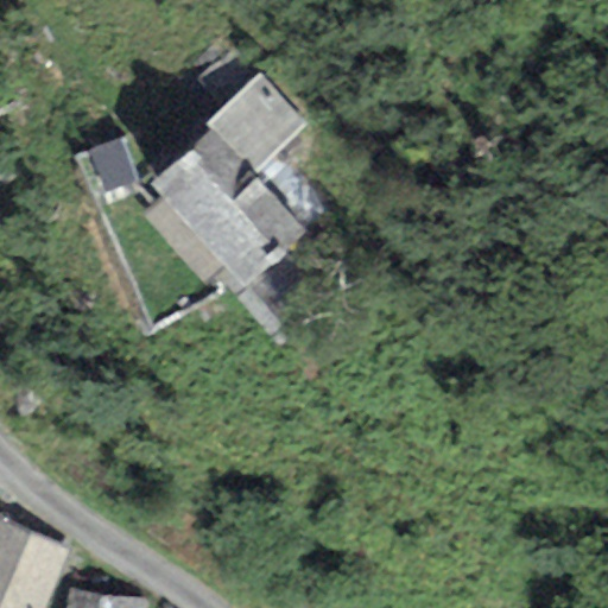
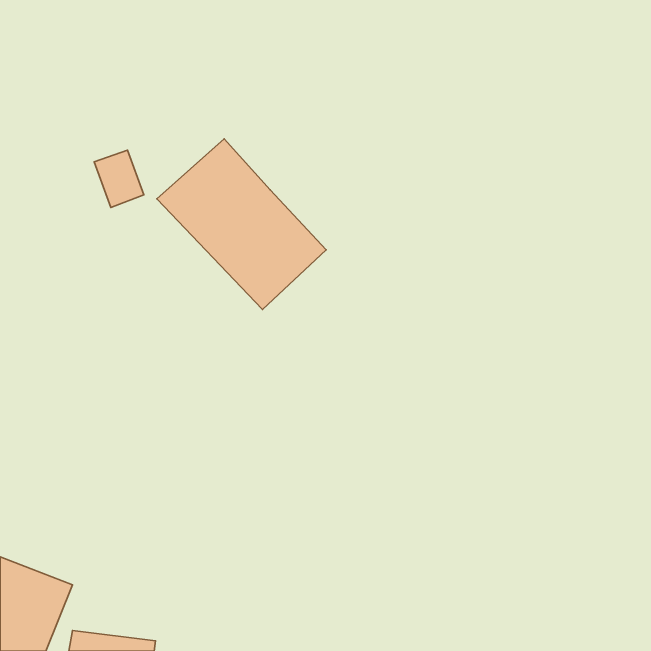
building: [204,74,308,177] -> none

